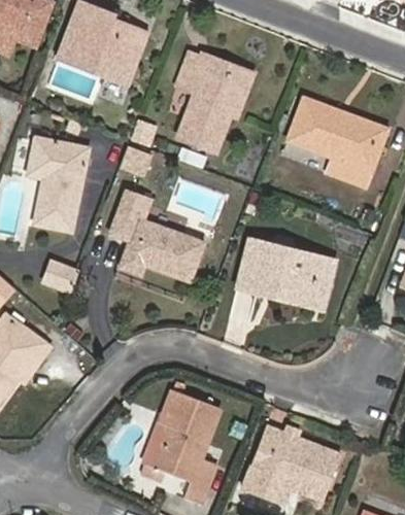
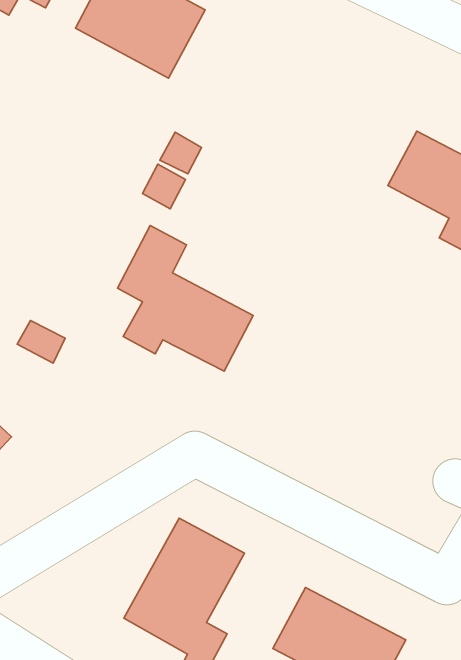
building: [177,53,244,150] -> none
building: [29,139,88,230] -> none
building: [238,241,320,298] -> none

